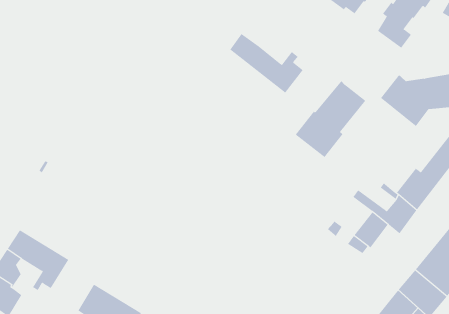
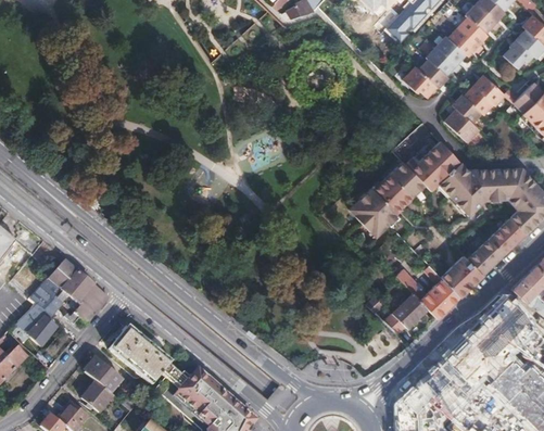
building: [230,33,304,94] -> none
building: none -> [405,141,459,190]

